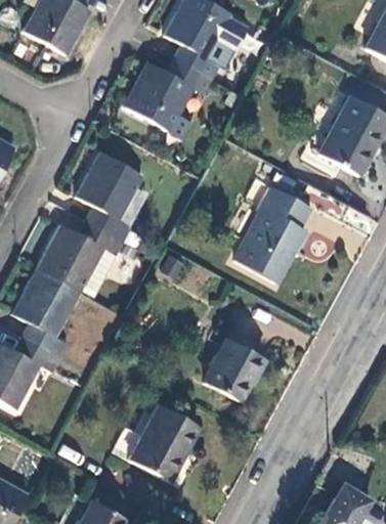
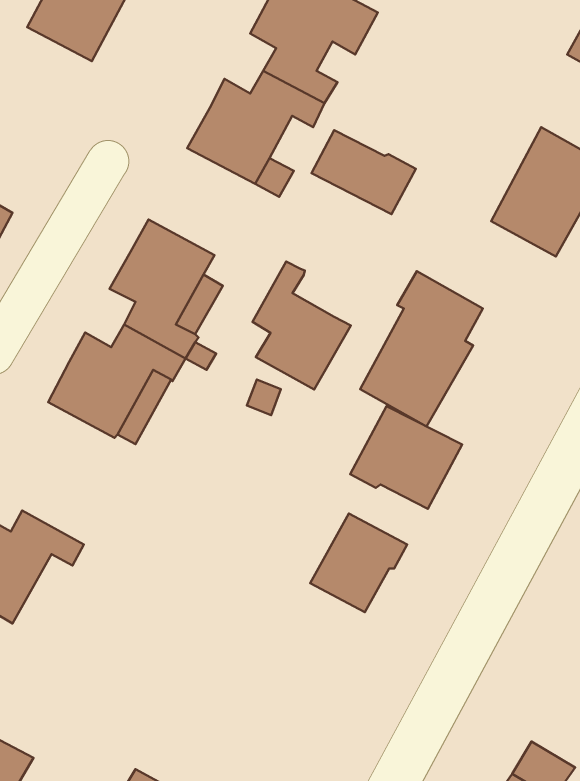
building: none -> [311,130,416,214]
building: none -> [253,262,351,390]
building: [13,268,80,358] -> none
building: none -> [350,406,462,509]
building: [129,404,201,482] -> none

